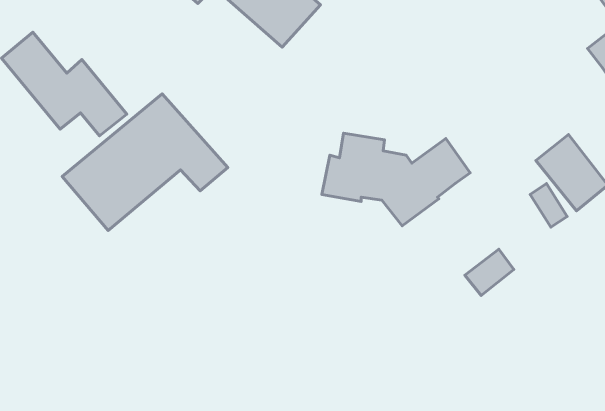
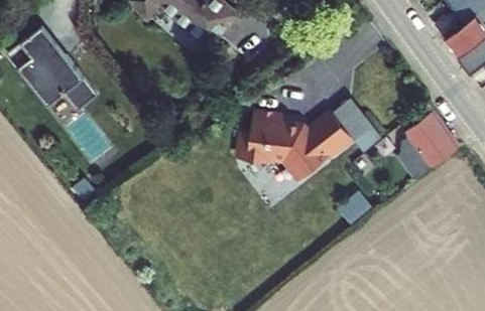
building: [62,94,228,231] -> none
building: none -> [336,94,386,158]

